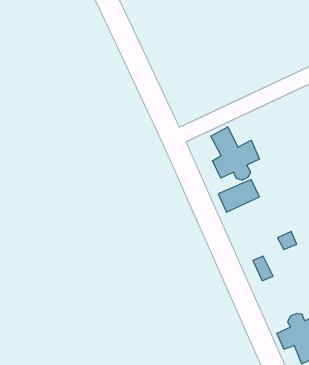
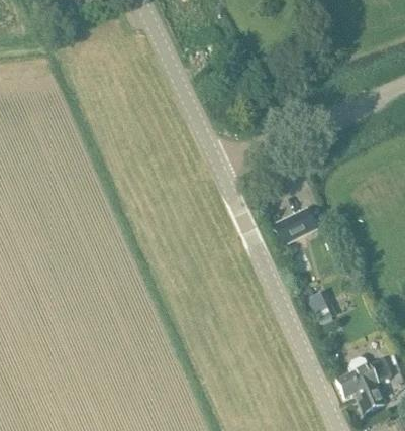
building: [211,127,260,180] -> none

